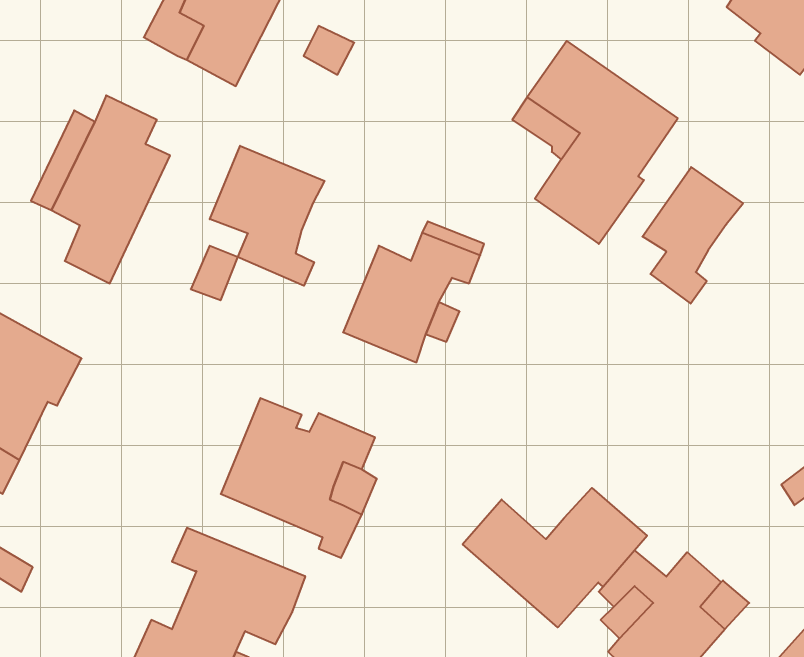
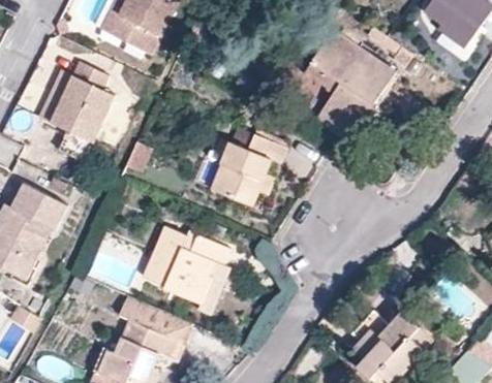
building: [210,146,325,286] -> none
building: [642,167,743,304] -> none
building: [463,488,647,627] -> none

